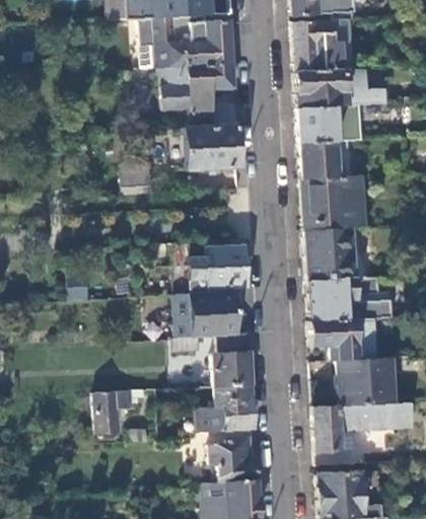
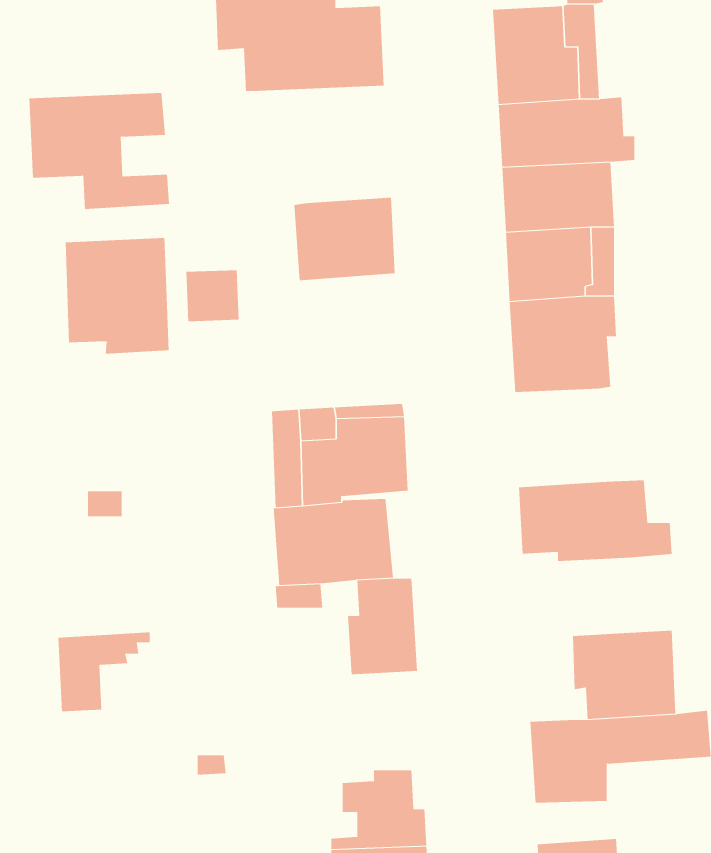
building: [161,64,238,128] -> [28,93,170,210]
building: none -> [65,237,169,355]
building: [305,229,355,283] -> none
building: [309,321,371,365] -> none
building: [198,383,256,431] -> none
building: [95,388,146,432] -> [58,632,150,712]

